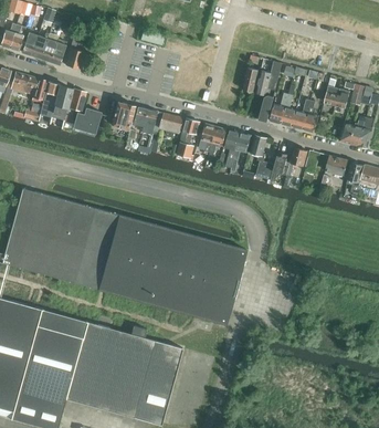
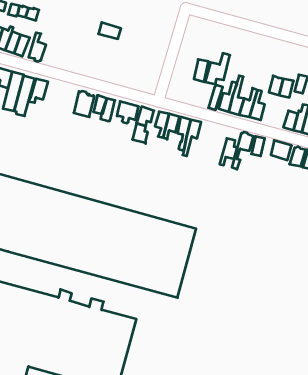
building: [72,107,101,133] -> none
building: [251,135,274,179] -> none

